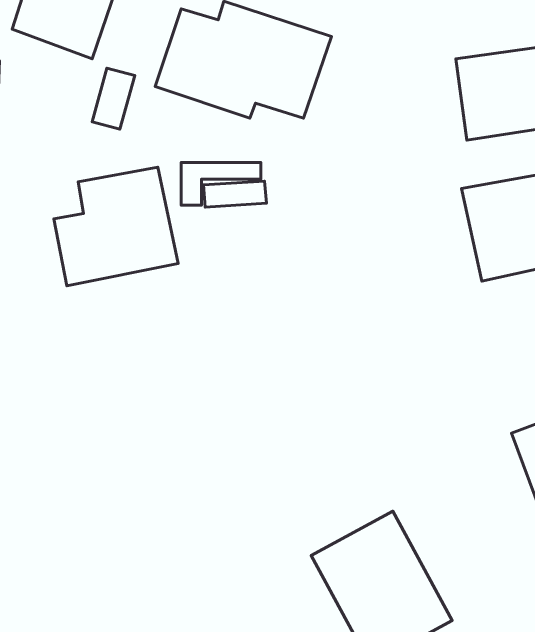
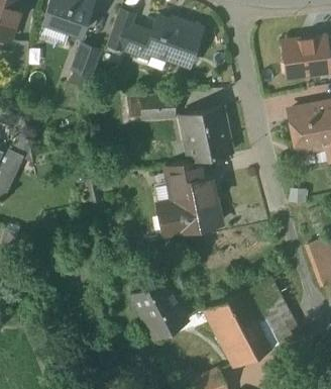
building: [54,167,178,286] -> [152,173,220,237]
building: none -> [175,100,235,162]
building: none -> [124,269,192,339]

